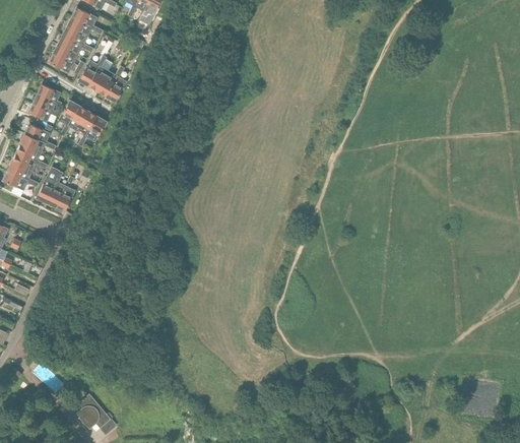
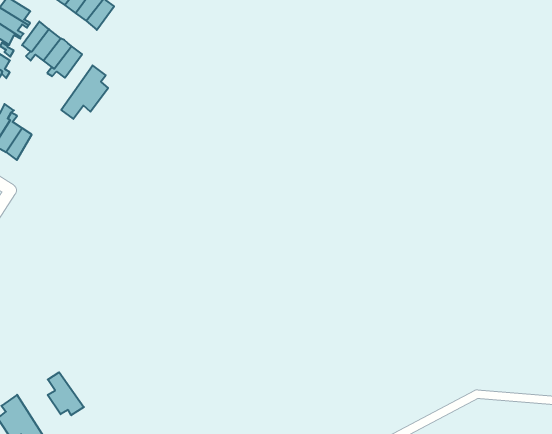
building: none -> [61,65,108,119]
building: none -> [48,372,84,415]

